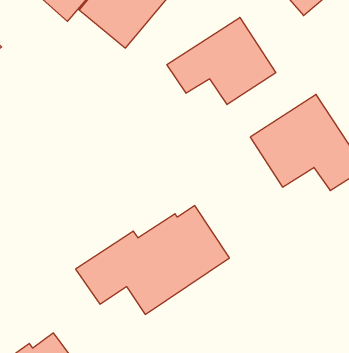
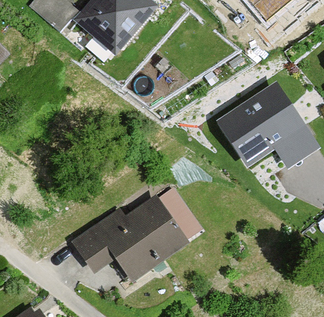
building: [167,17,276,105] -> none

